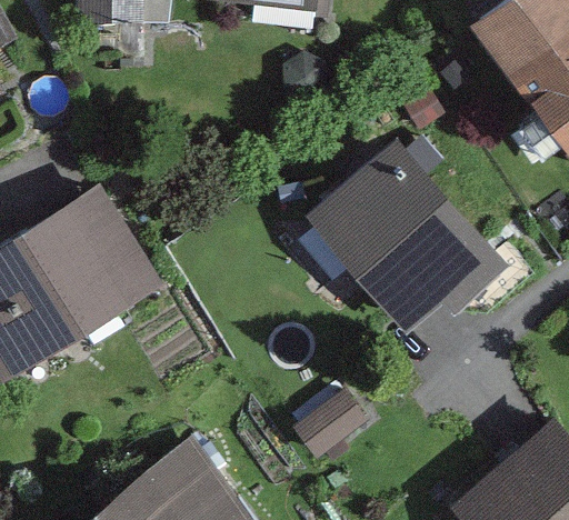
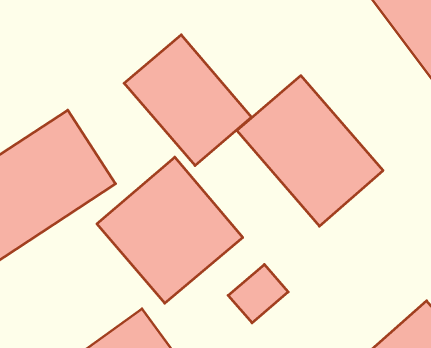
building: none -> [124,35,251,166]
building: none -> [97,157,243,303]

